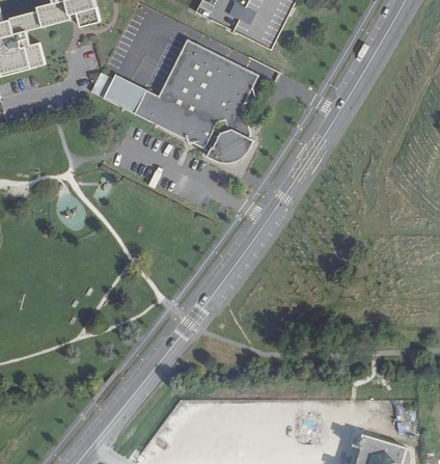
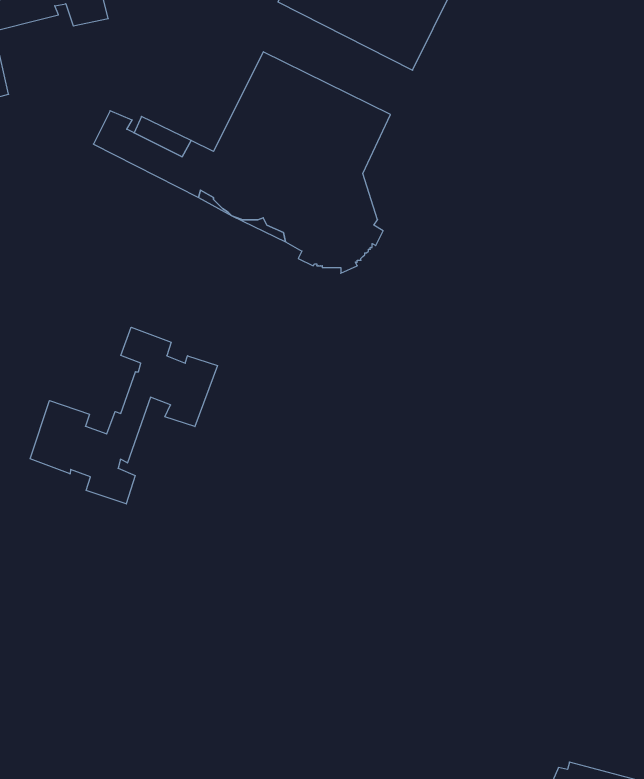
building: none -> [30,327,218,504]

